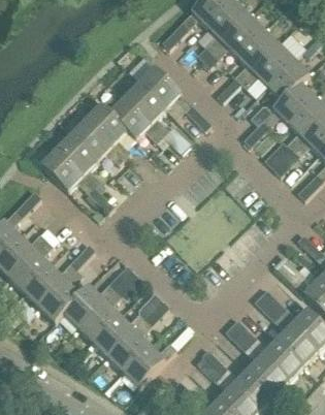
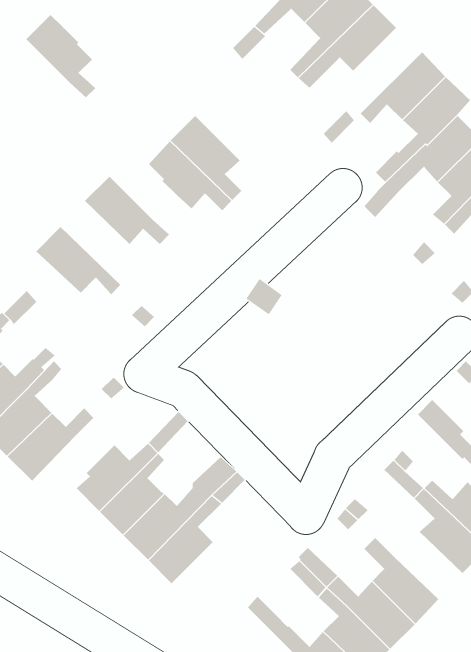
building: [234,29,279,82] -> none
building: [139,67,212,131] -> none
building: [87,104,130,156] -> [25,14,96,98]
building: [57,135,101,187] -> none
building: [39,268,83,323] -> none
building: [250,336,303,380] -> none
building: [125,341,175,386] -> none

